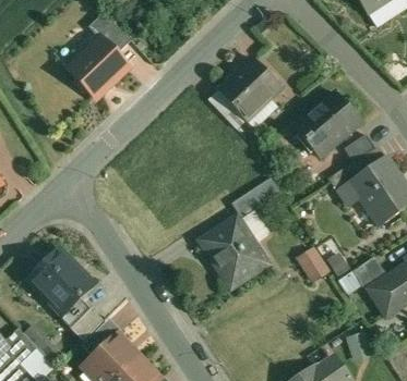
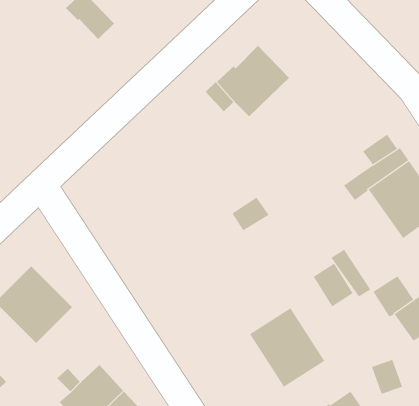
building: [69,37,129,98] -> none
building: [291,93,361,161] -> none
building: [201,219,266,287] -> [249,308,325,387]
building: [60,298,104,341] -> none

